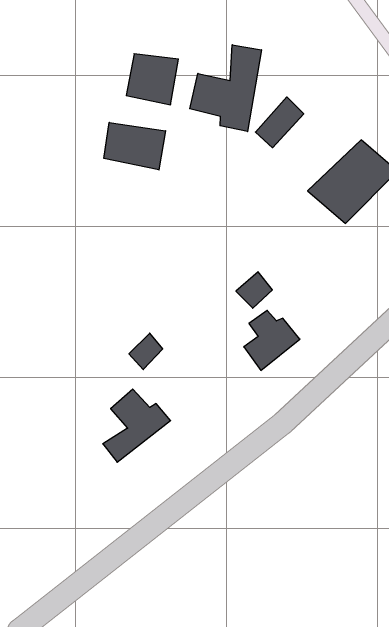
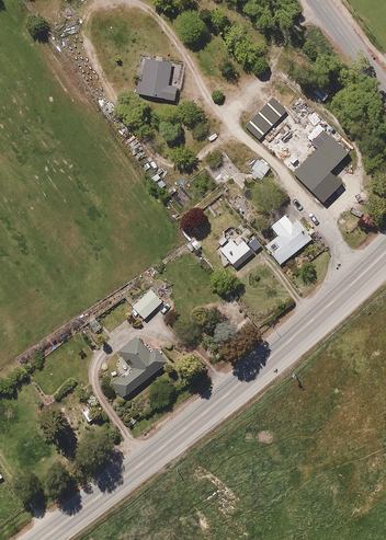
building: [190,45,261,132] -> none
building: [104,122,166,170] -> none
building: [244,310,300,370] -> [266,216,314,266]

